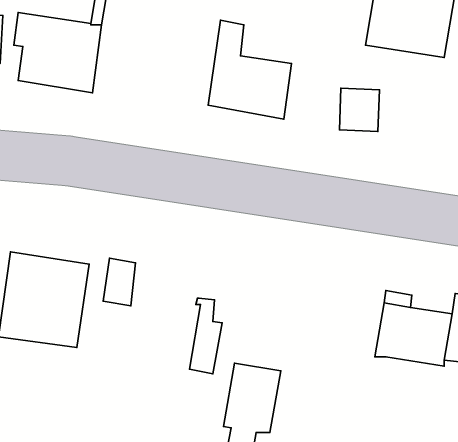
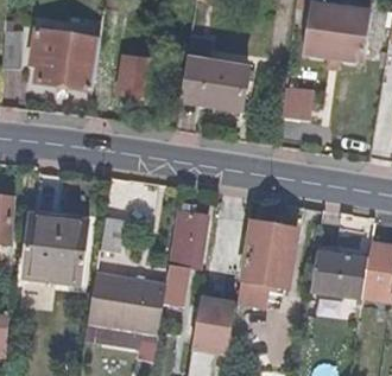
building: none -> [116,56,159,98]
building: none -> [173,200,208,268]
building: none -> [239,223,296,308]
building: none -> [86,273,166,345]

